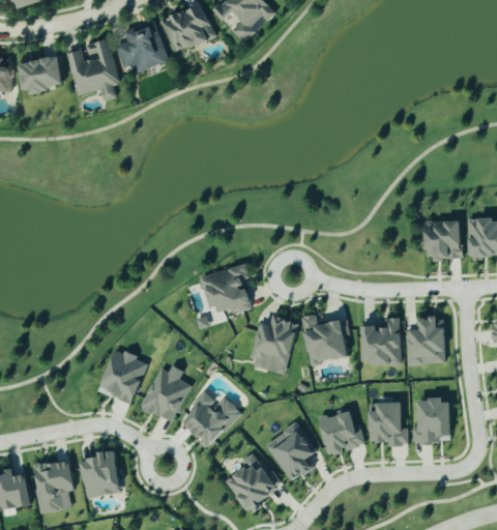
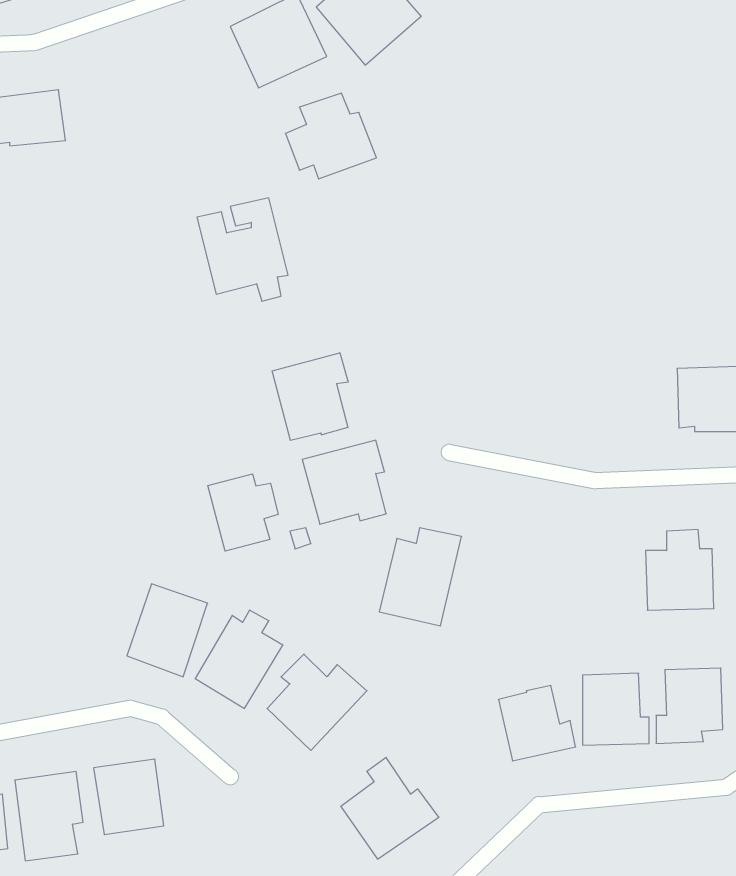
building: [115,22,169,72] -> [285,93,376,179]
building: [65,38,119,99] -> [197,198,288,301]
building: none -> [272,353,348,440]
building: none -> [208,474,278,551]
building: [303,315,347,362] -> none
building: [362,318,401,363] -> none
building: [265,422,316,481] -> none

